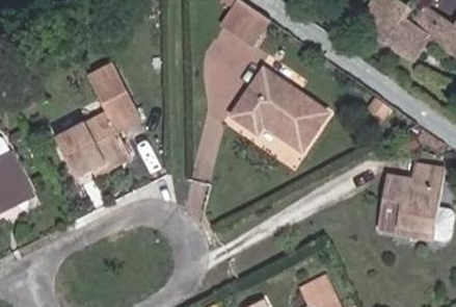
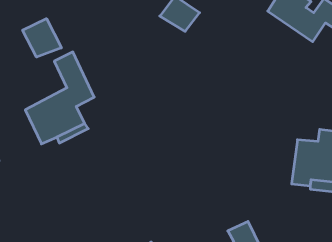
building: none -> [23,19,61,57]
building: [232,68,329,146] -> none

